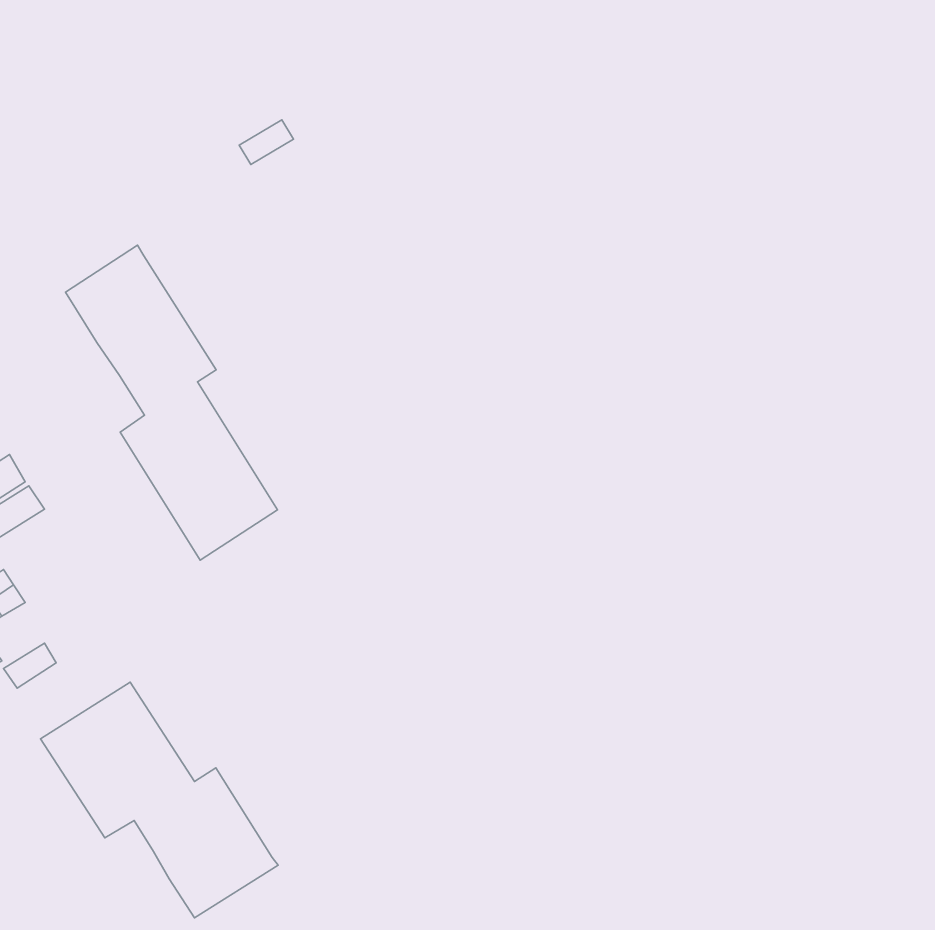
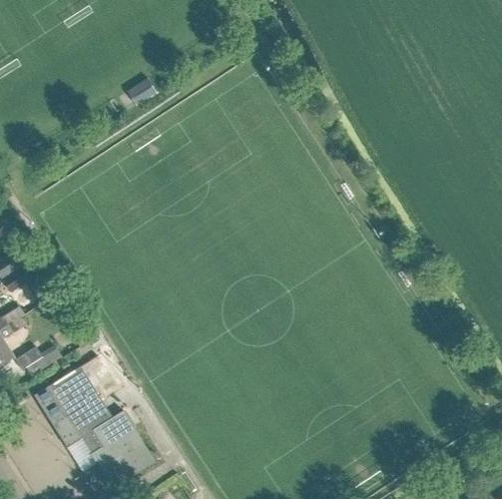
building: [66,245,278,560] -> none

